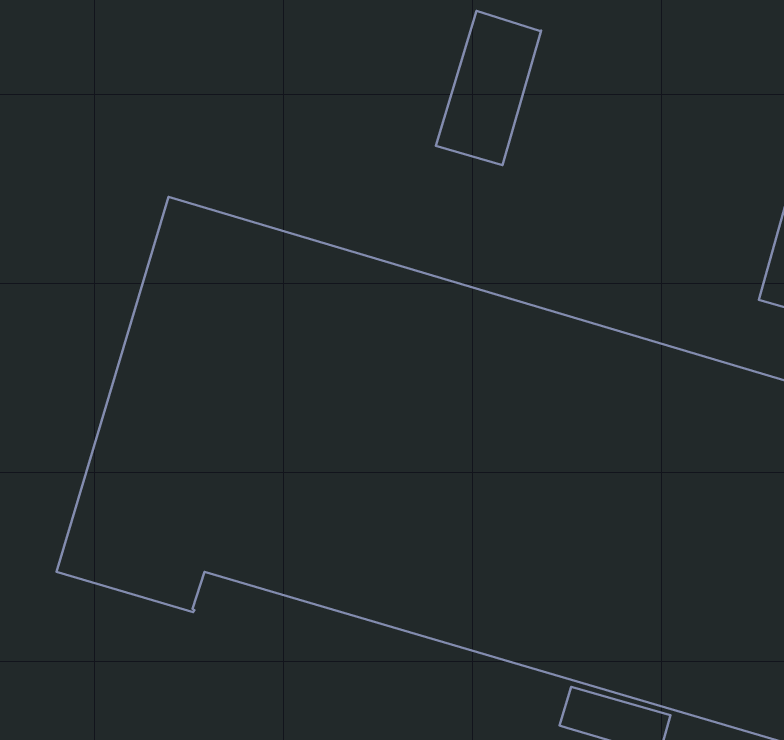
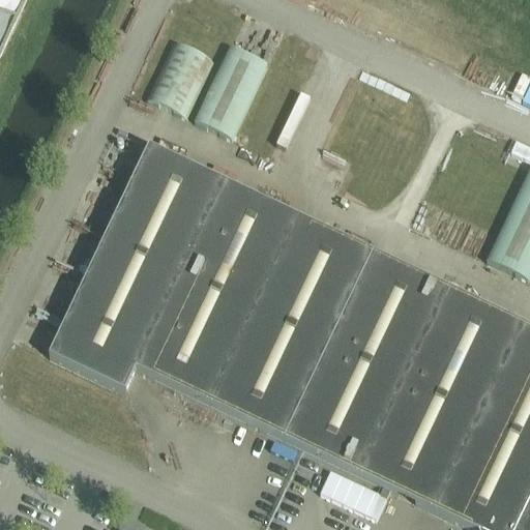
building: [436,11,541,165] -> [196,42,268,136]
building: none -> [147,37,214,114]

